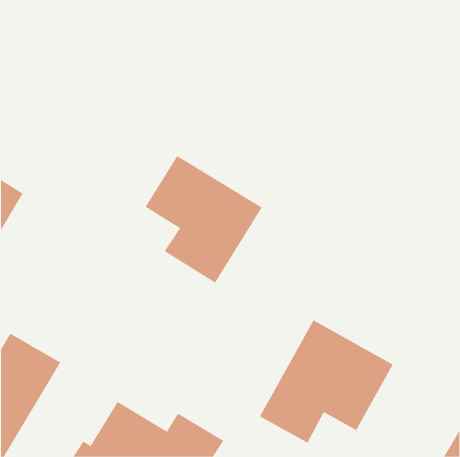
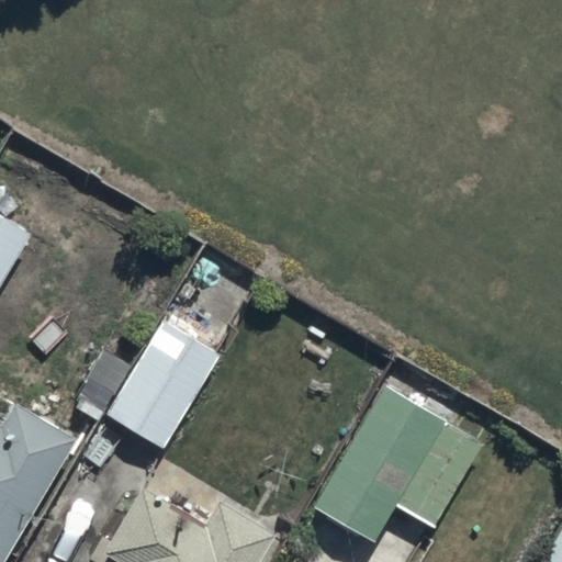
building: [145,155,262,283] -> none
building: none -> [103,322,216,450]

